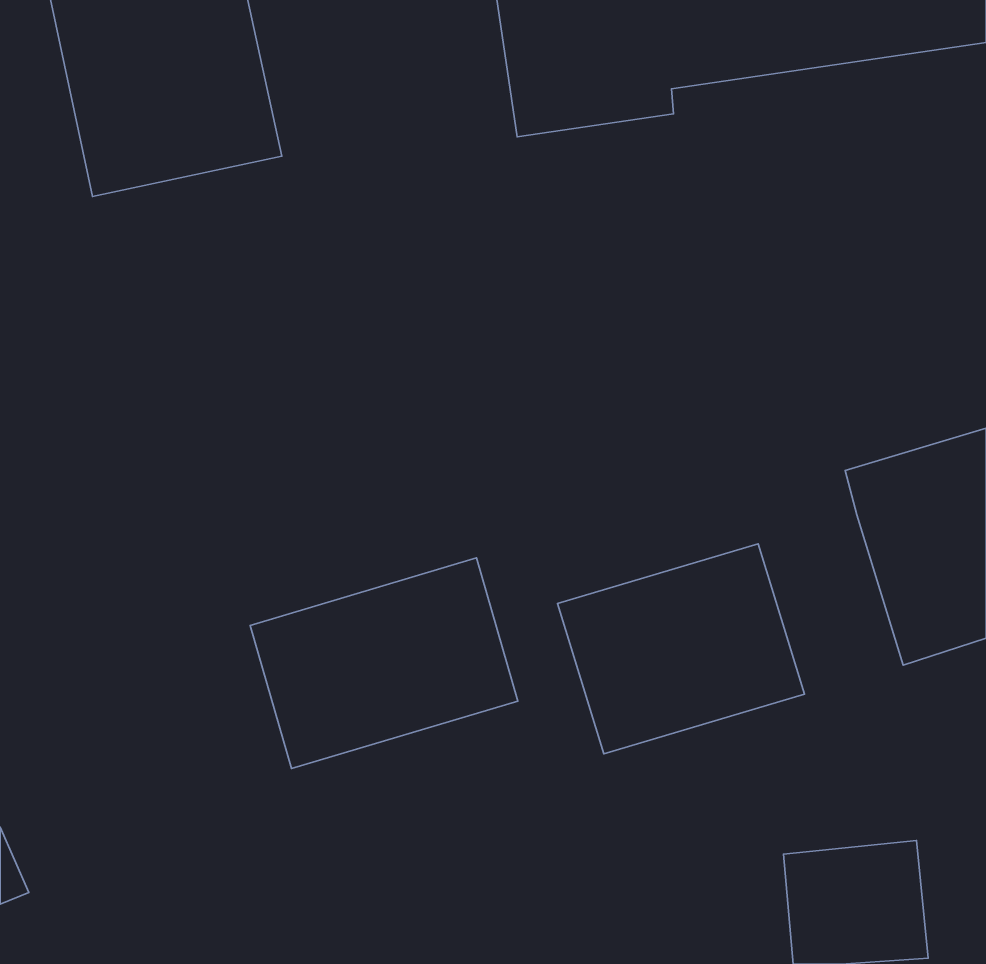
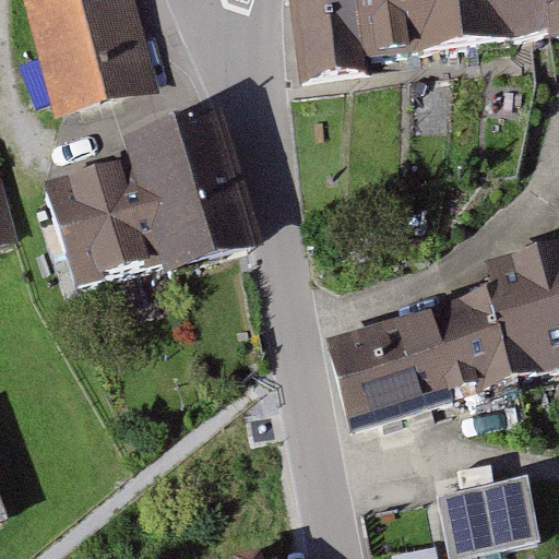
building: none -> [50,109,258,281]
building: none -> [429,292,511,393]
building: [250,558,518,769] -> none

